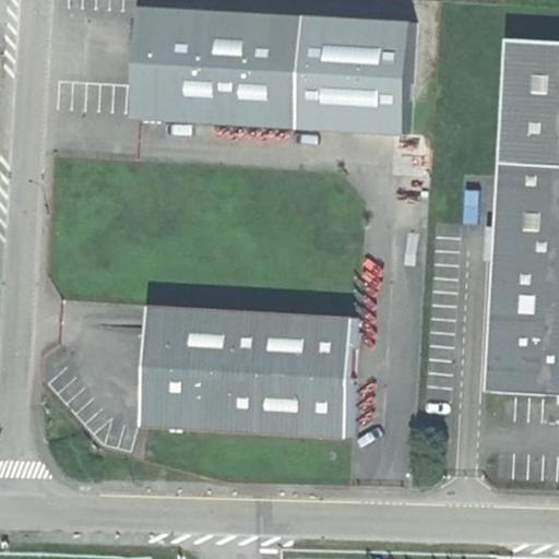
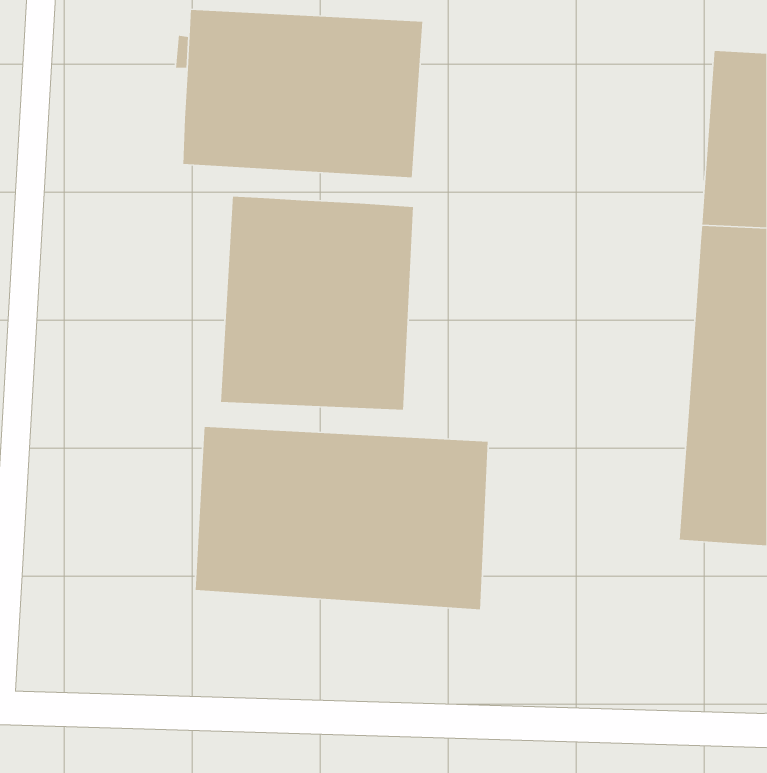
building: [296,15,409,135] -> none
building: none -> [220,196,414,411]

